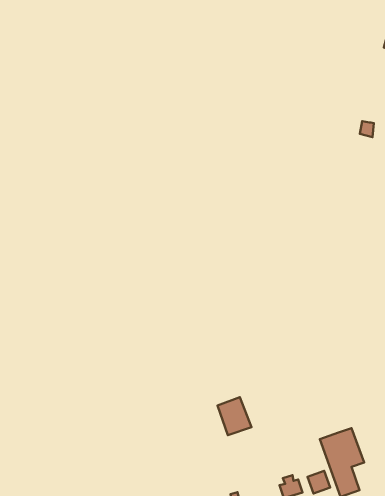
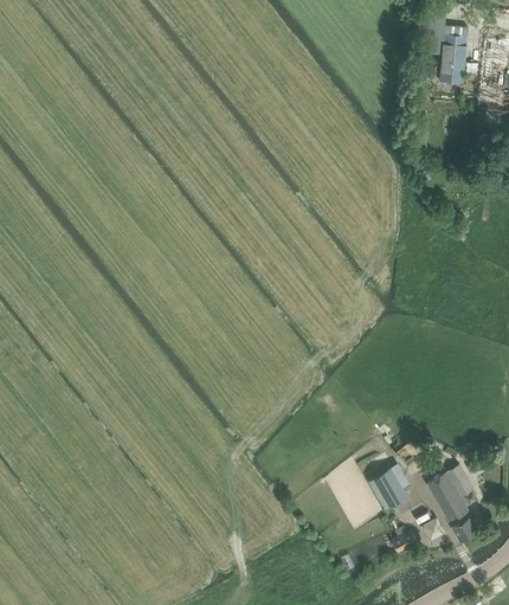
building: [217,397,251,435] -> [368,468,408,510]

